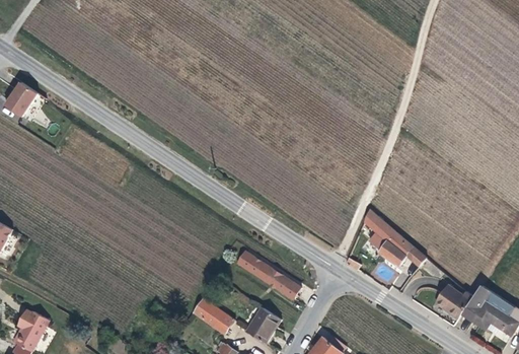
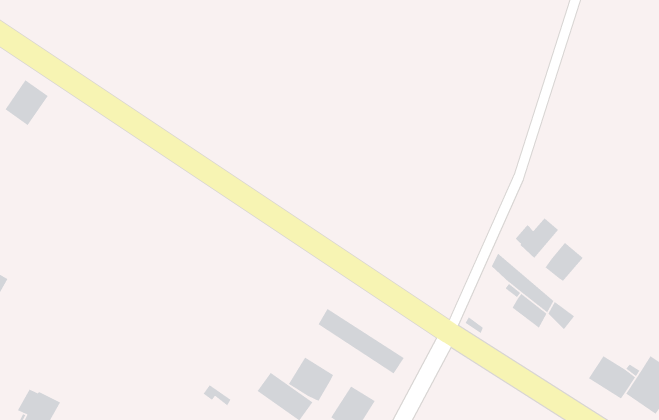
building: none -> [515,217,559,259]
building: none -> [545,242,584,282]
building: none -> [288,357,334,402]

